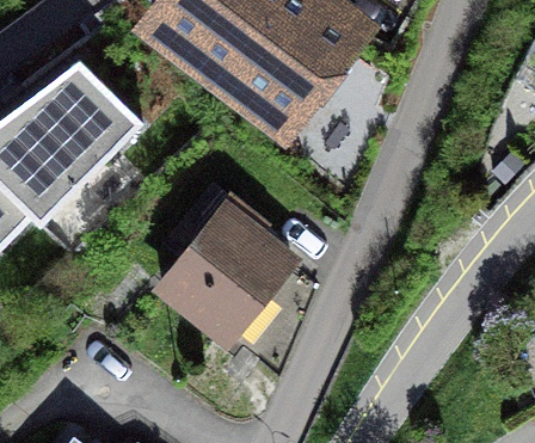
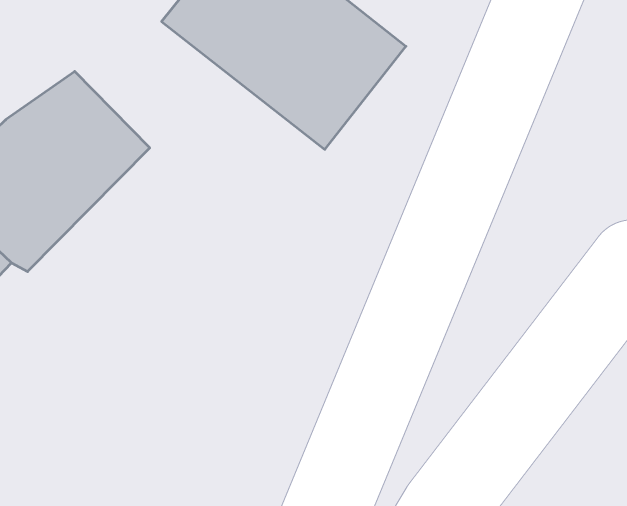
building: [156,211,287,343] -> none

